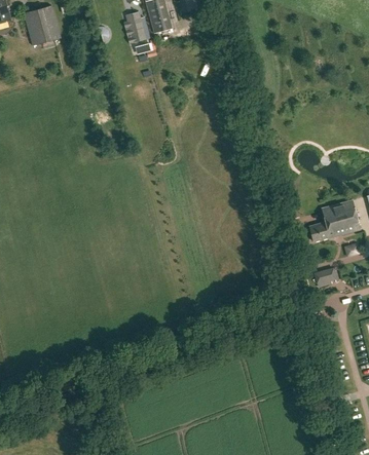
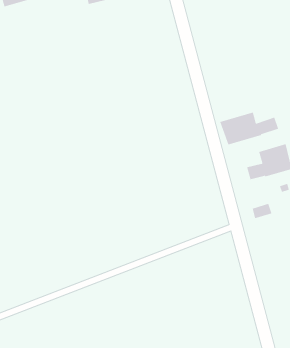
building: none -> [219,111,279,146]

